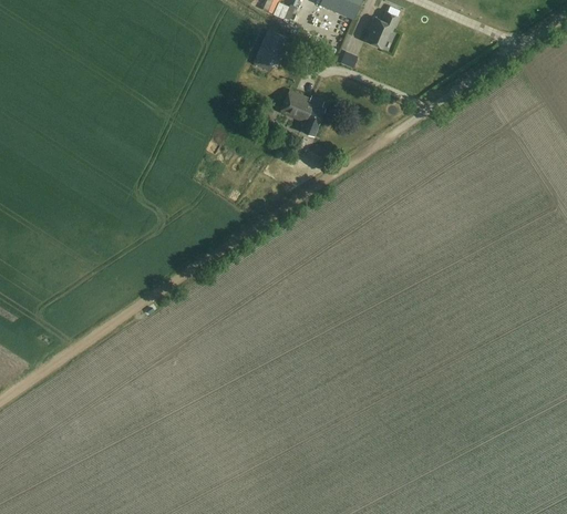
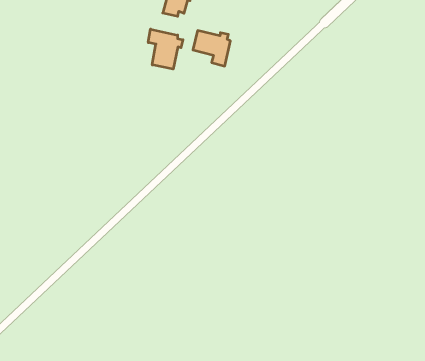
building: none -> [148,29,183,69]

